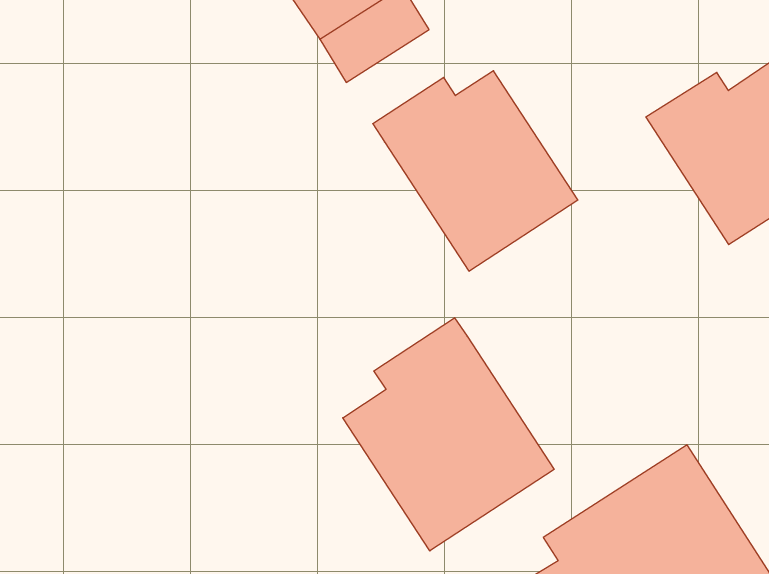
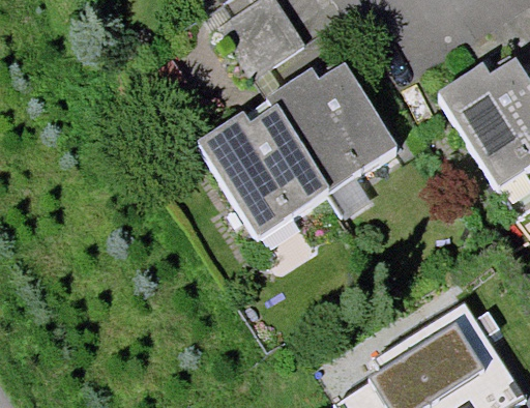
building: none -> [198,112,327,237]
building: [343,318,554,551] -> none

